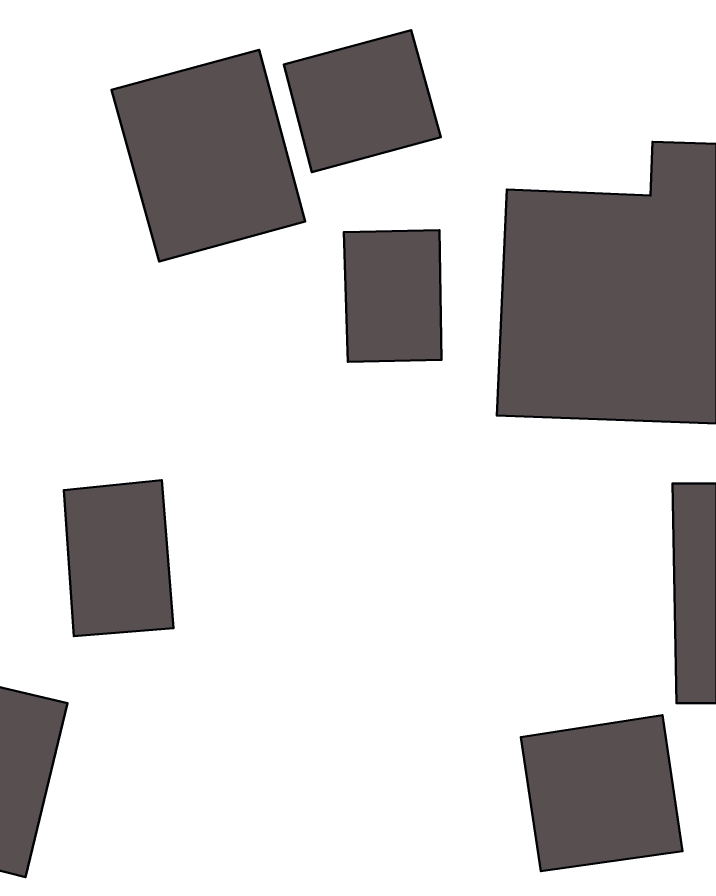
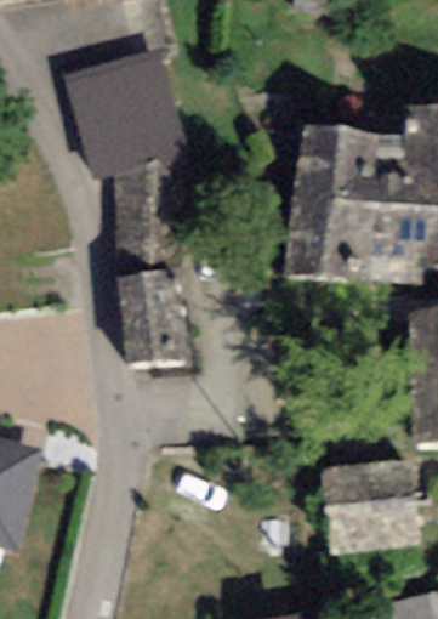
building: [284,30,441,172] -> none
building: [344,230,442,362] -> [115,180,175,260]
building: [64,480,174,636] -> [120,273,187,368]

